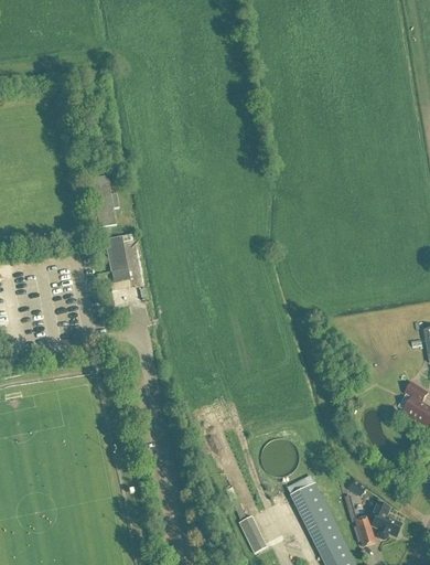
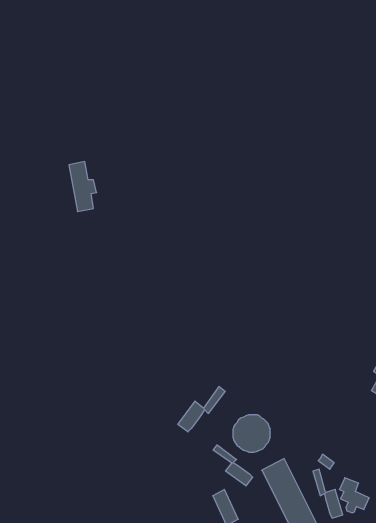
building: [105,235,128,270] -> none
building: none -> [178,386,225,432]
building: none -> [213,445,253,486]

